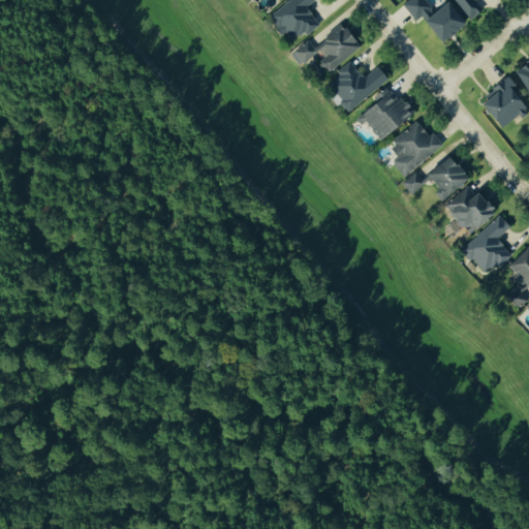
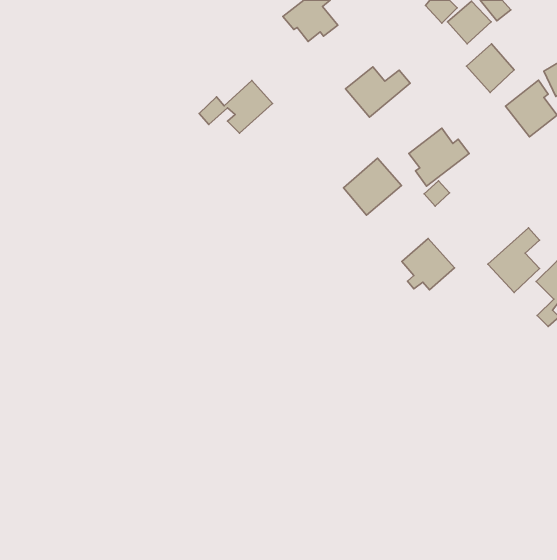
building: [292,24,362,73] -> [199,81,273,133]
building: none -> [466,44,514,93]
building: [360,87,414,141] -> [343,158,402,215]
building: [427,156,468,199] -> none
building: [445,184,495,232] -> [402,238,455,290]

